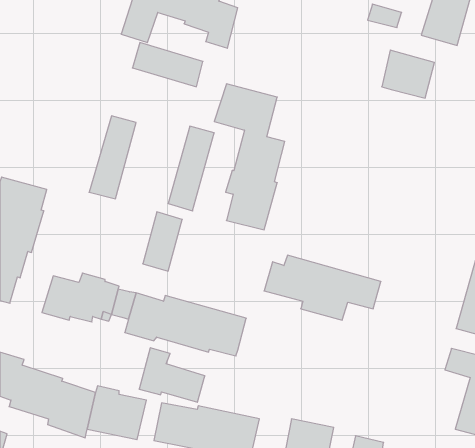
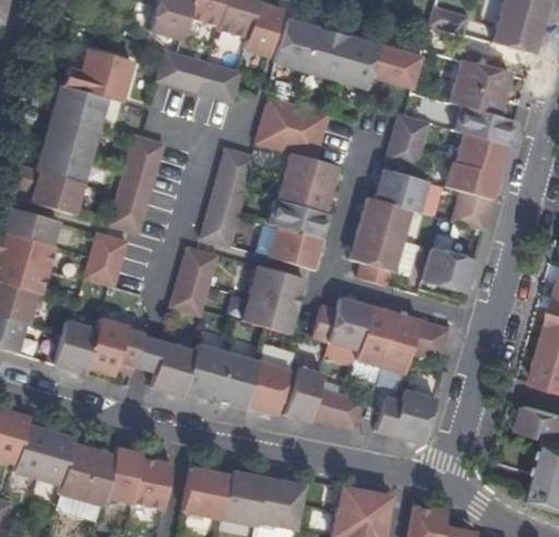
building: none -> [275,17,423,88]
building: none -> [11,49,131,214]
building: none -> [443,105,516,229]
building: none -> [384,114,427,167]
building: none -> [348,168,426,286]
building: none -> [85,232,127,286]
building: none -> [420,247,476,293]
building: none -> [241,264,304,333]
building: none -> [372,390,438,443]
building: [139,348,205,402] -> [286,367,362,430]

